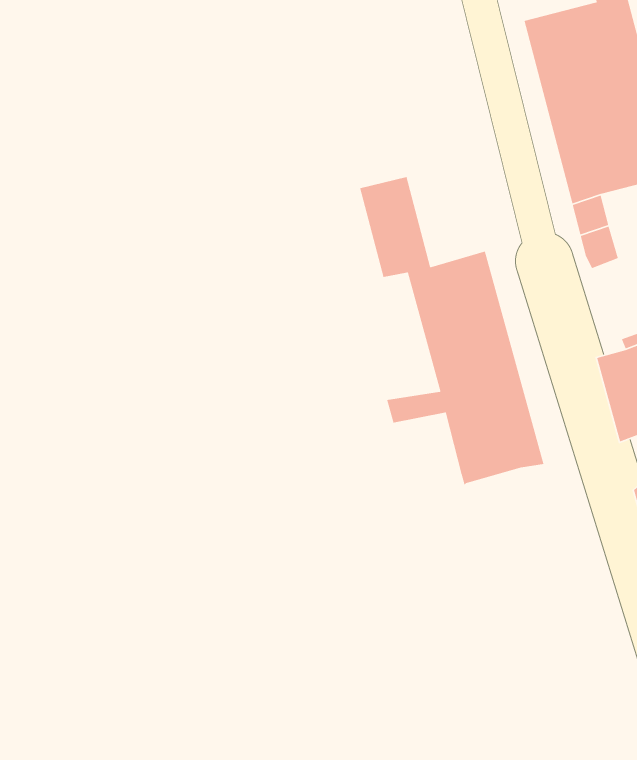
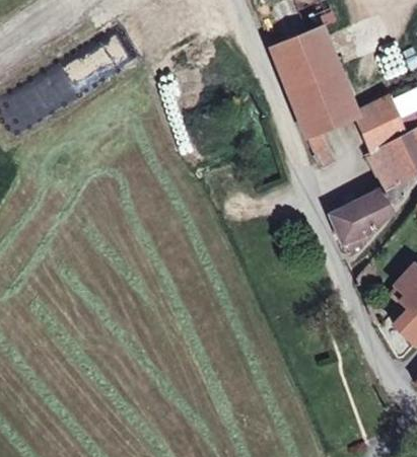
building: [359,176,545,486] -> none

